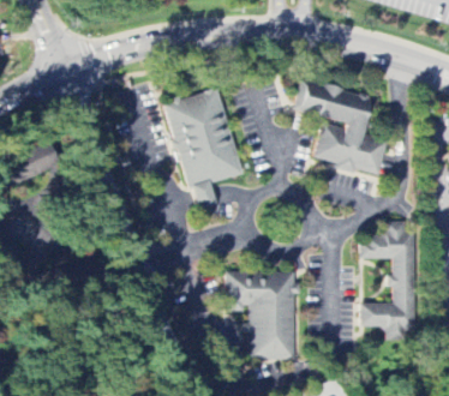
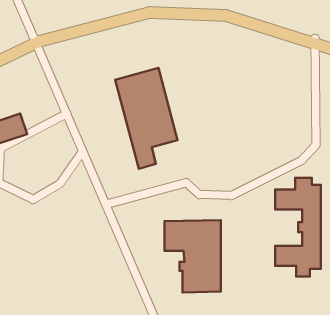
building: [295,79,388,175] -> none

